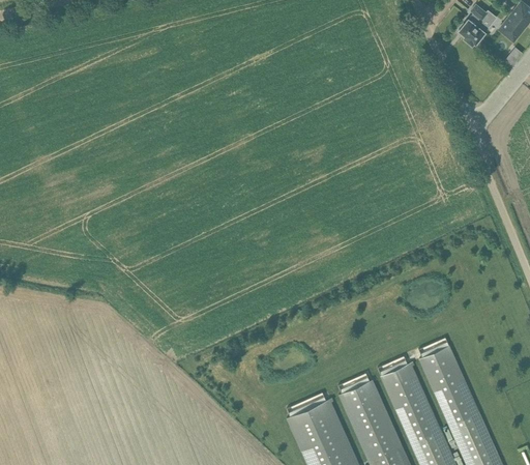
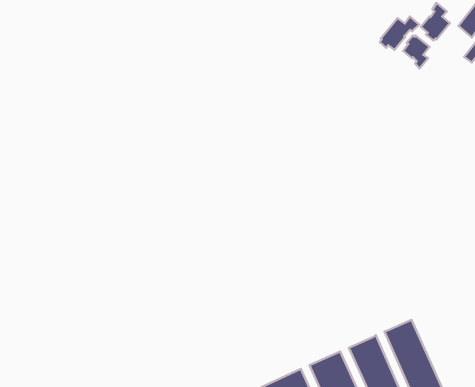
building: none -> [380,17,419,50]
building: none -> [403,35,429,69]

